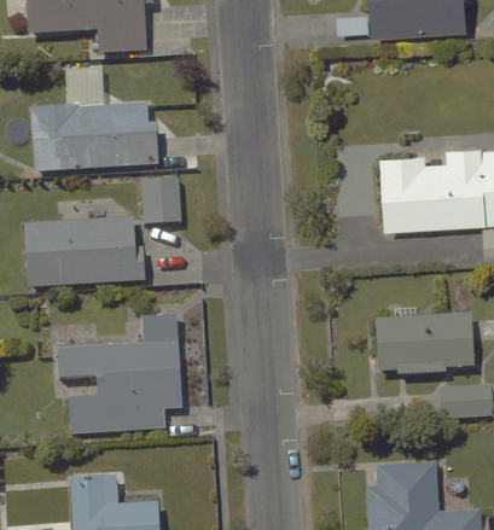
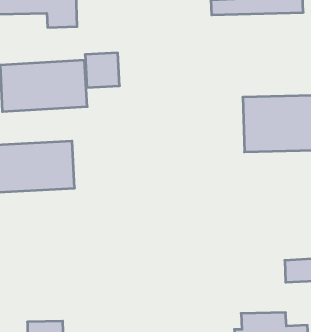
building: [138,175,187,225] -> [85,53,120,87]
building: [374,304,472,374] -> none
building: [57,313,188,432] -> none

